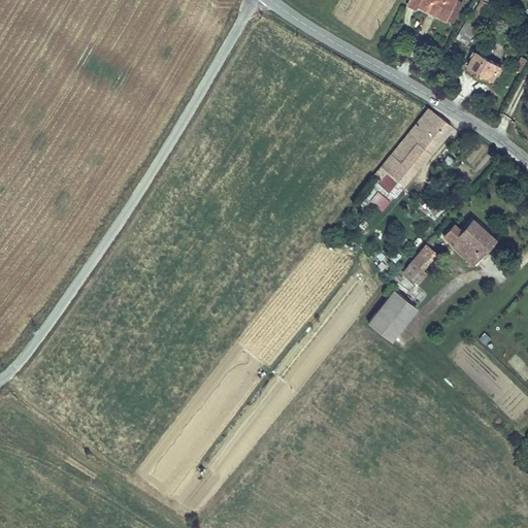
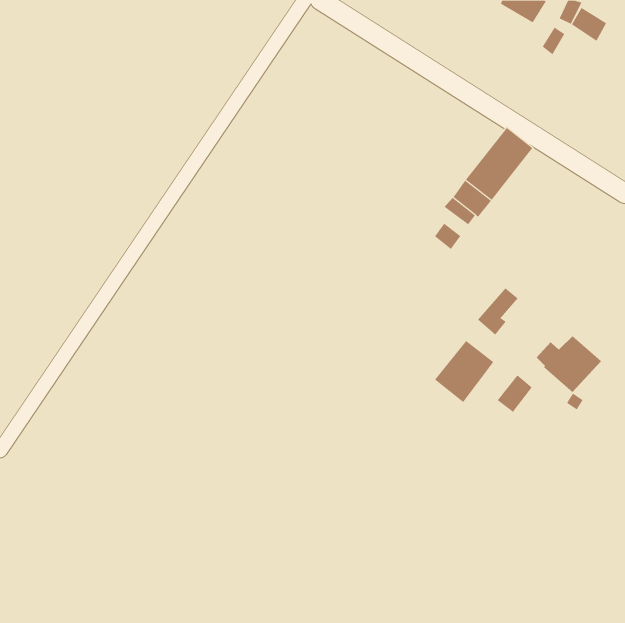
building: [467,54,497,82] -> [571,7,607,42]
building: [441,217,497,265] -> [536,335,602,393]
building: none -> [497,374,533,413]

